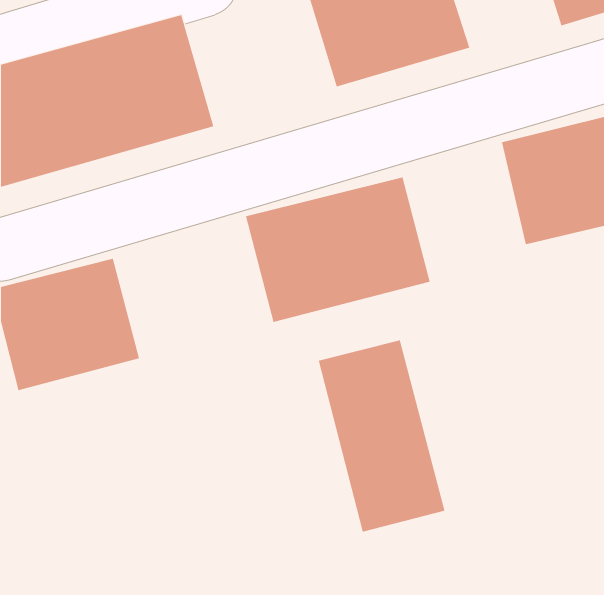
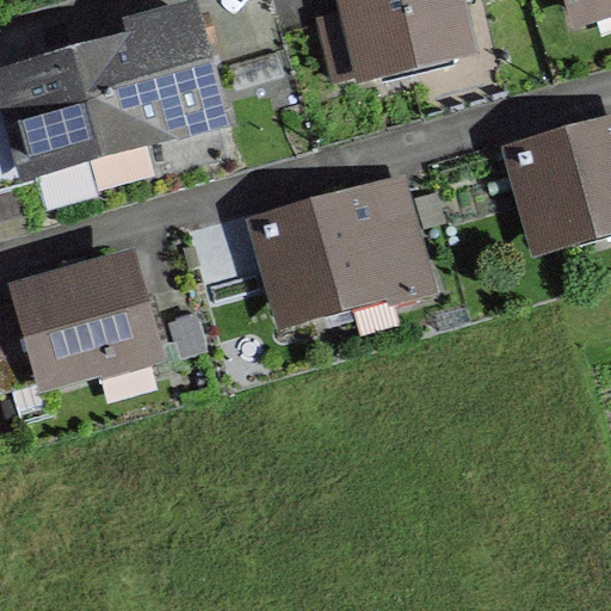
building: [318,339,445,533] -> none

